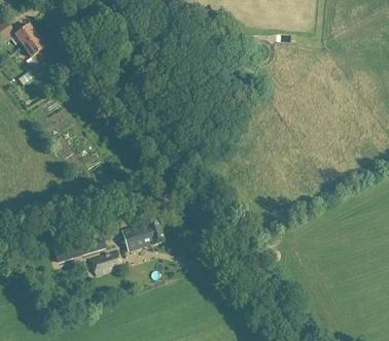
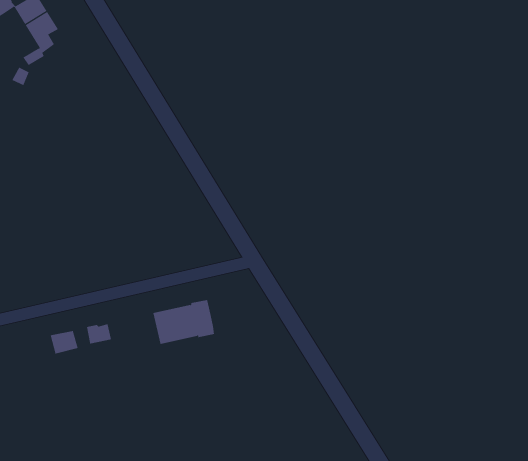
building: [89,251,120,275] -> none

